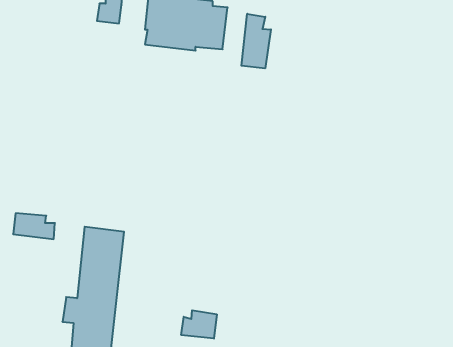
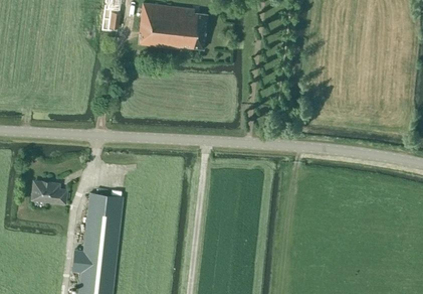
building: [241,14,271,68] -> none
building: [181,310,217,339] -> none

